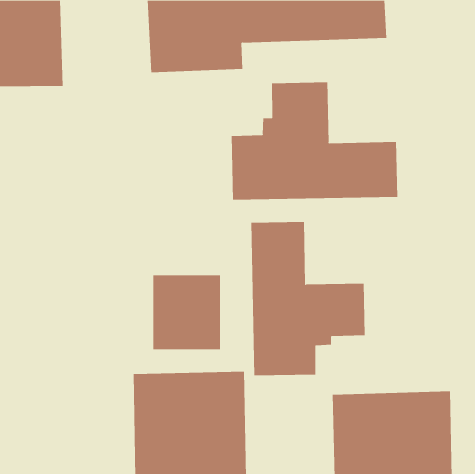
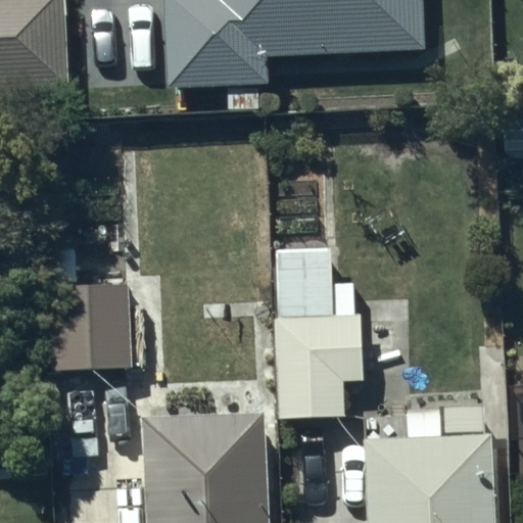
building: [231,82,398,201] -> none
building: [153,275,221,350] -> [52,283,127,365]

